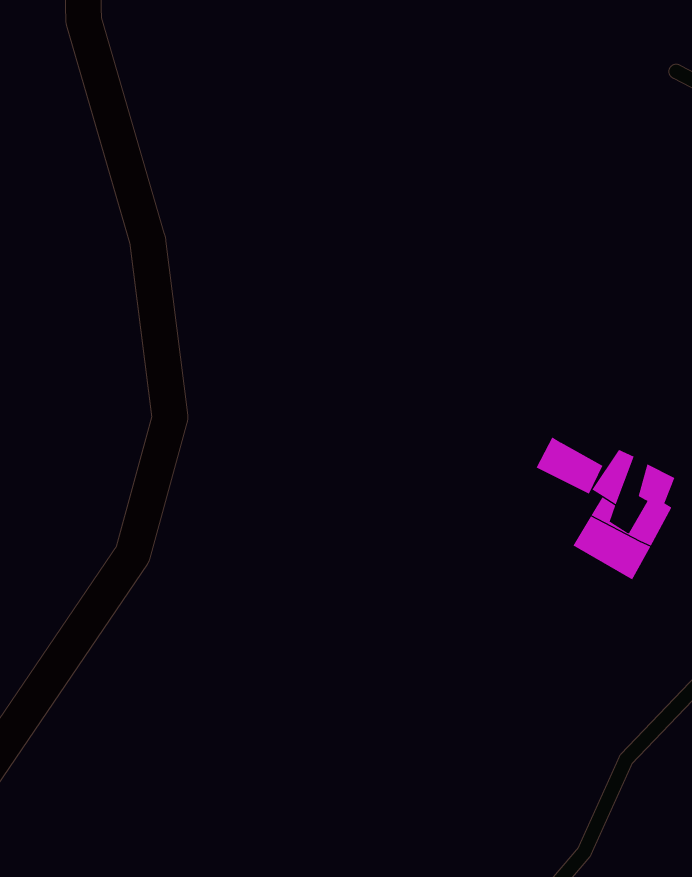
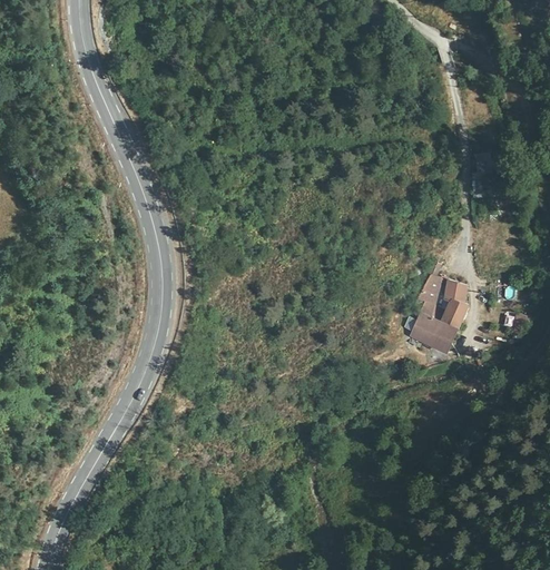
building: [536,436,603,495] -> none

